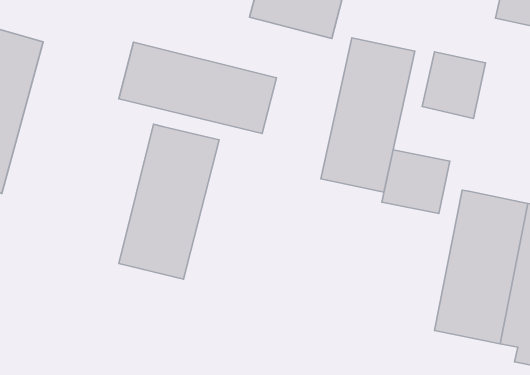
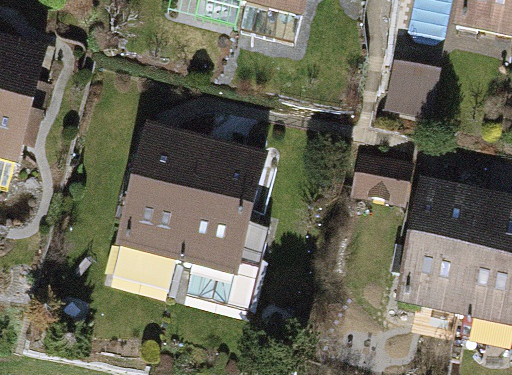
building: [321,38,415,192] -> none
building: [119,42,276,133] -> none
building: none -> [175,140,276,311]

